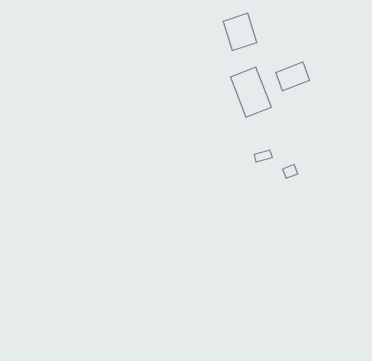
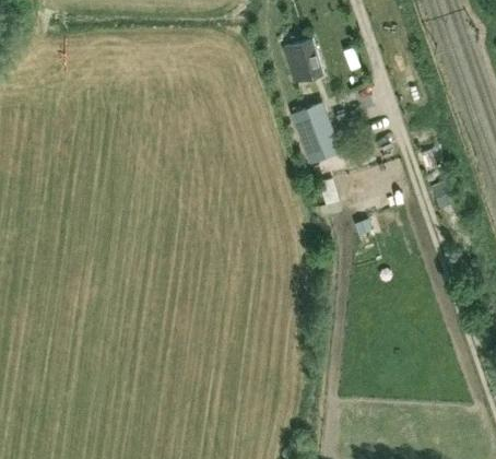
building: [276,62,309,91] -> none

